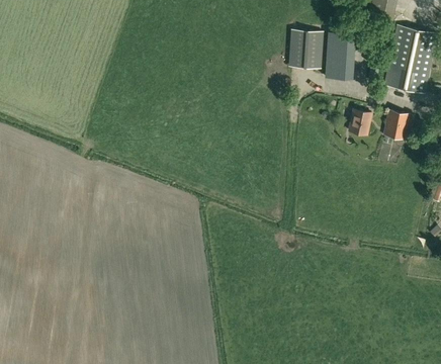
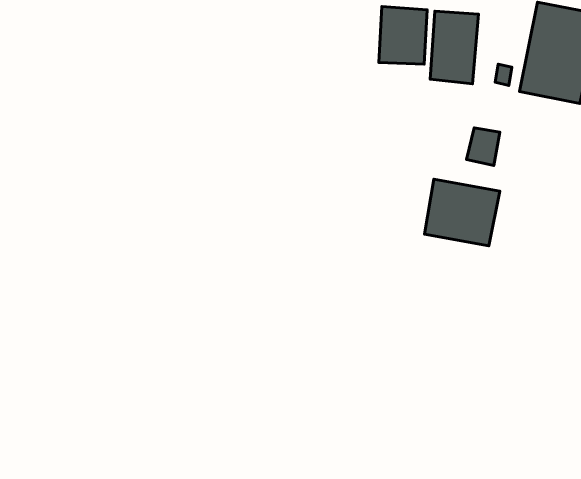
building: [383,110,409,141] -> none
building: none -> [424,179,500,246]

